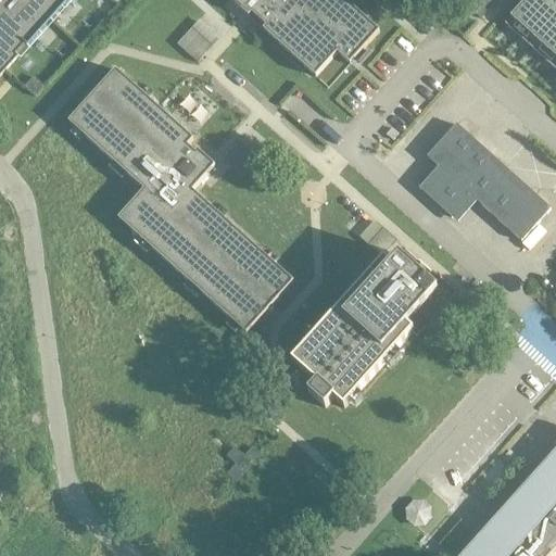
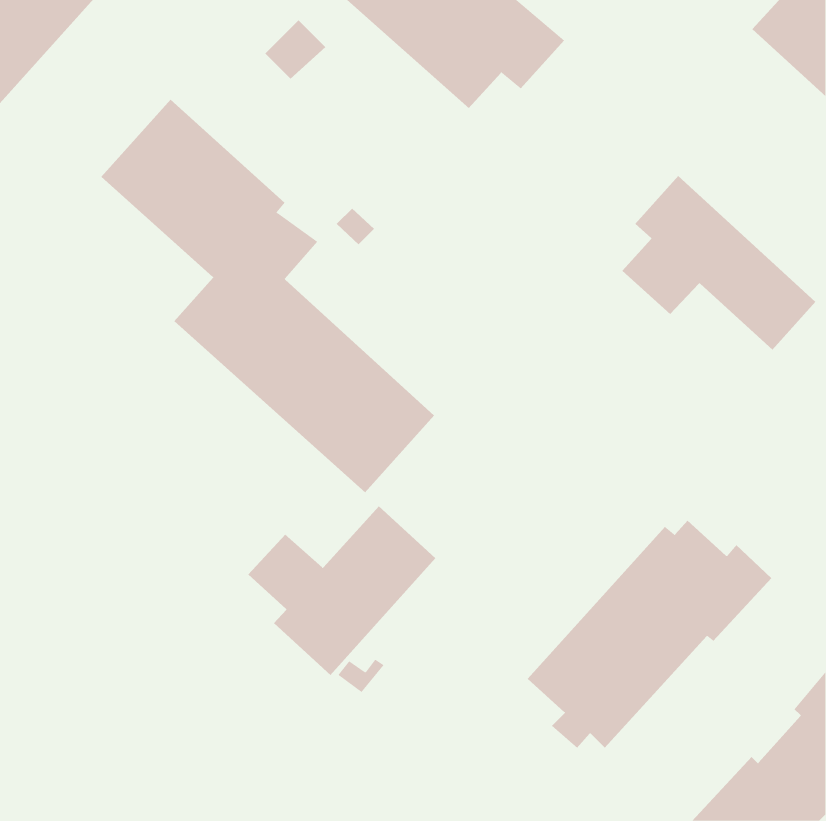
building: [290,251,454,404] -> [527,520,772,749]
building: none -> [248,505,436,676]

